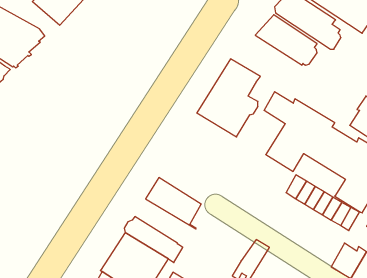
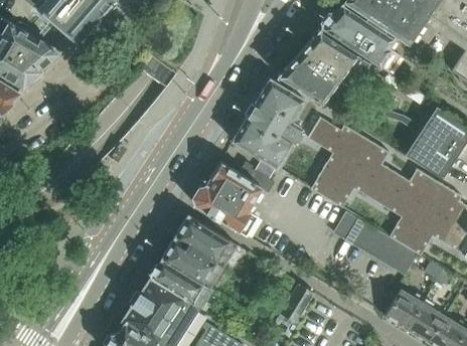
building: none -> [277,53,351,113]
building: none -> [192,162,274,236]
building: none -> [161,239,230,290]

